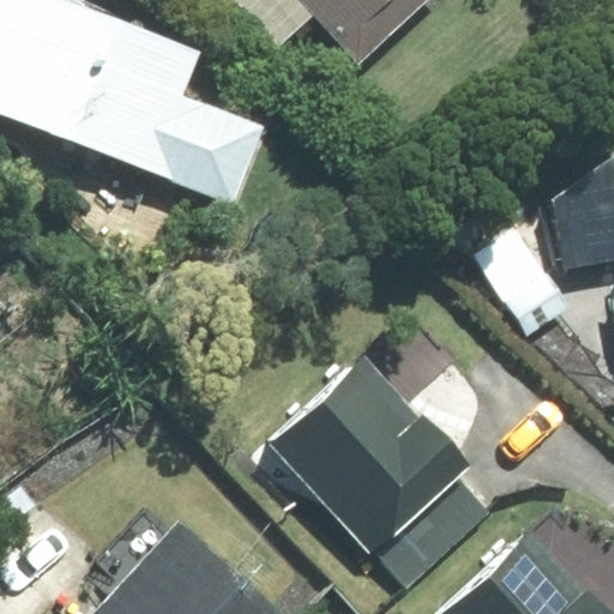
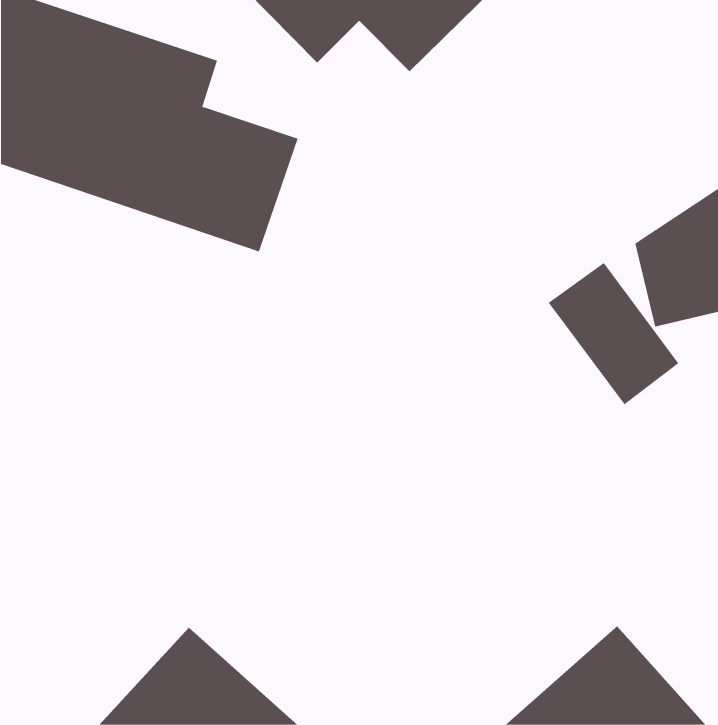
building: [272,355,502,585] -> none

